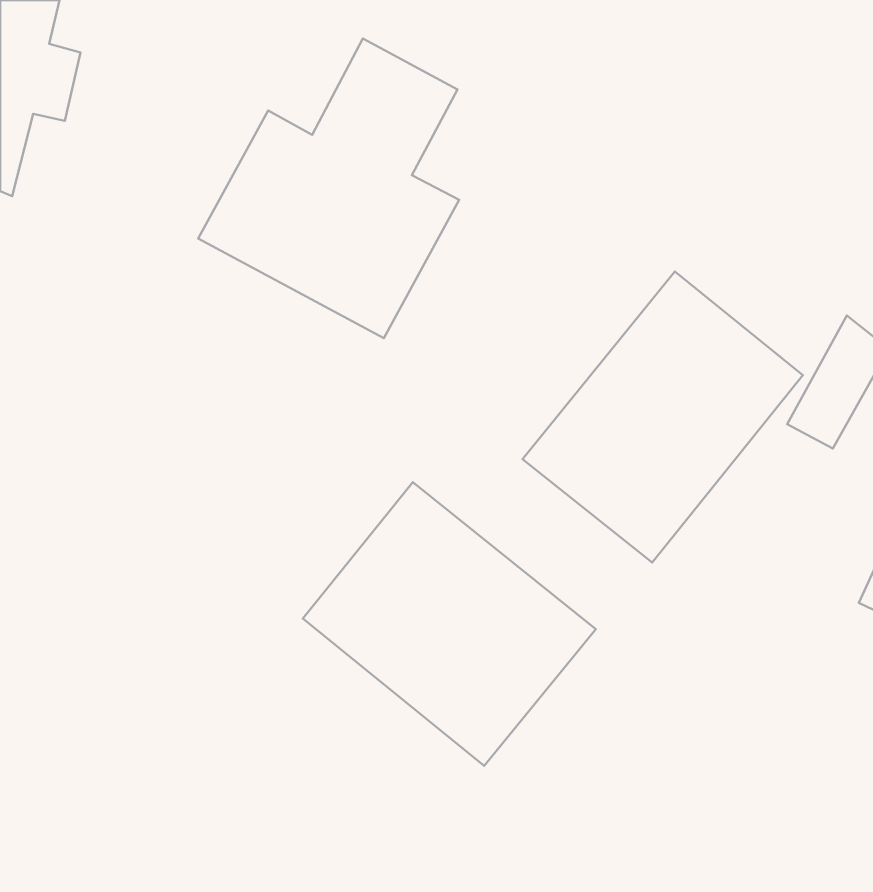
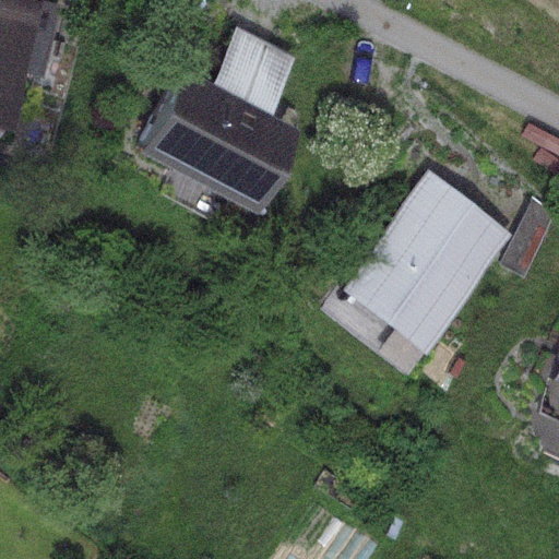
building: [303,482,596,766] -> none

